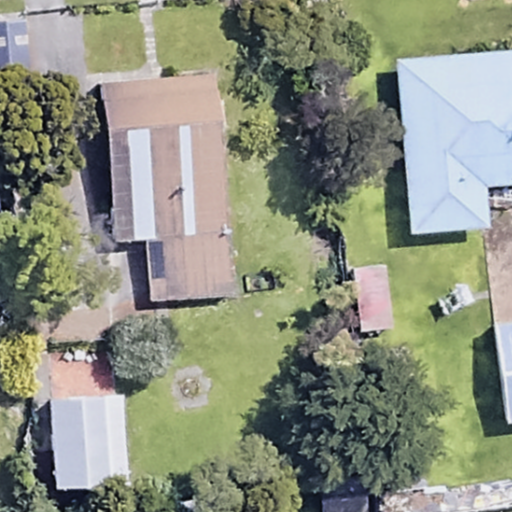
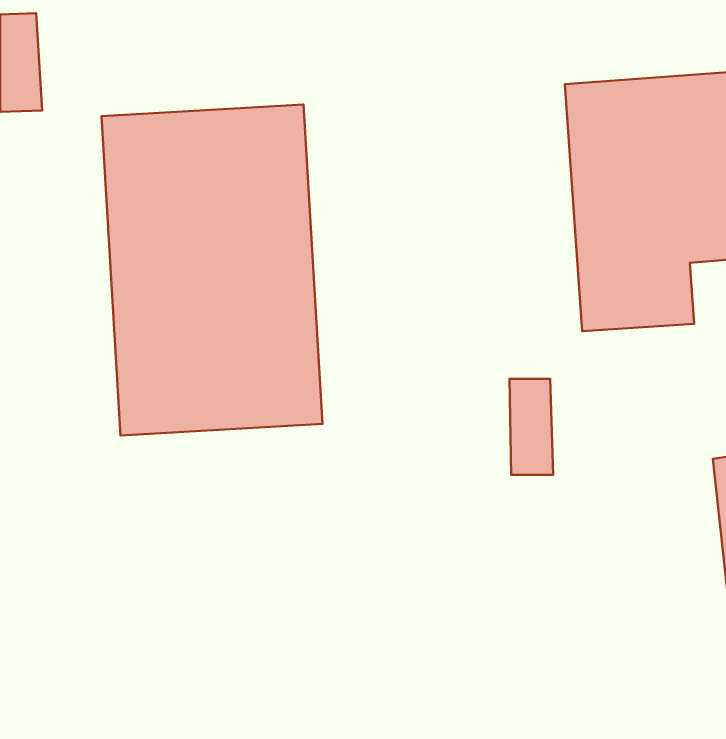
building: [51,394,130,487] -> none

